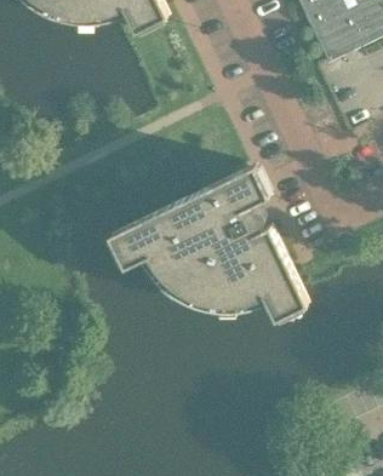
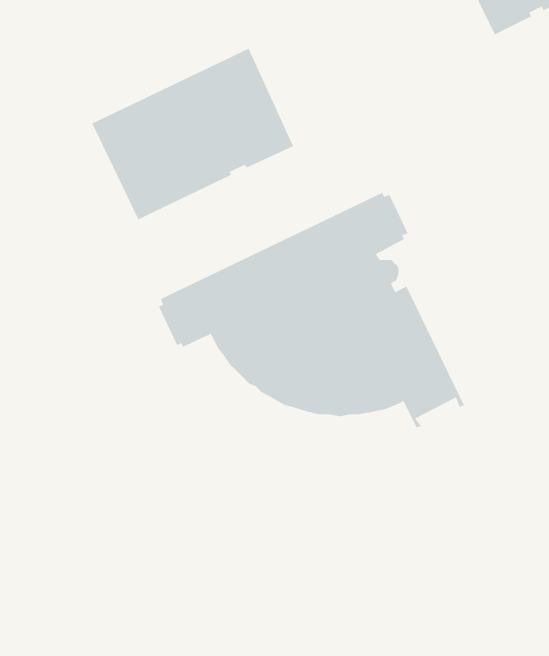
building: none -> [92,48,294,220]

